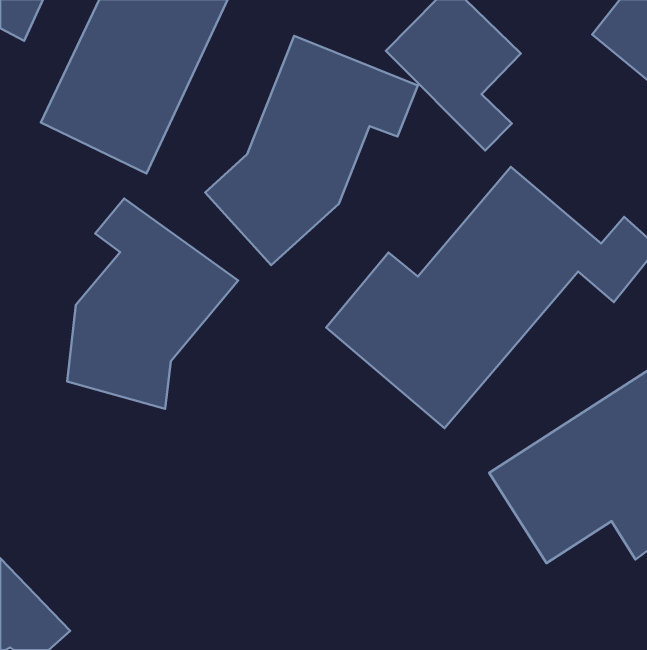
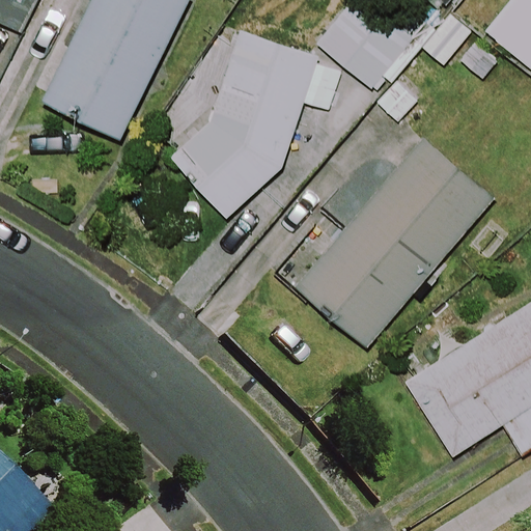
building: [67,199,238,409] -> none

